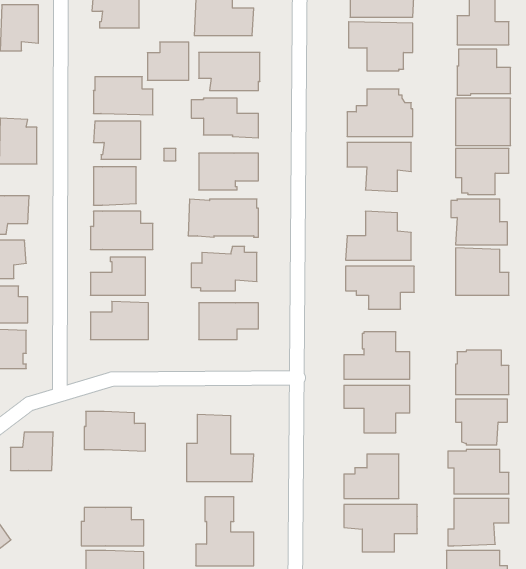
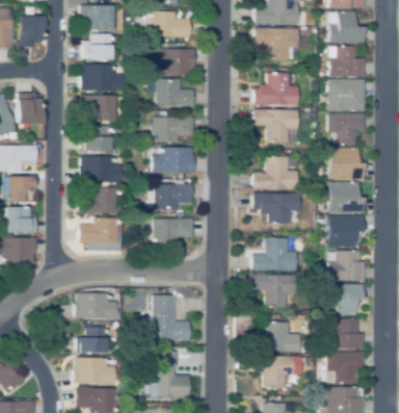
building: [147,42,189,80] -> [84,33,112,59]
building: none -> [328,215,364,248]
building: [10,432,53,470] -> [78,327,107,353]

